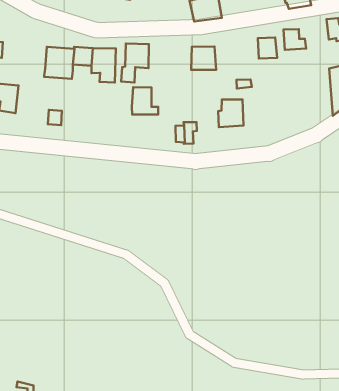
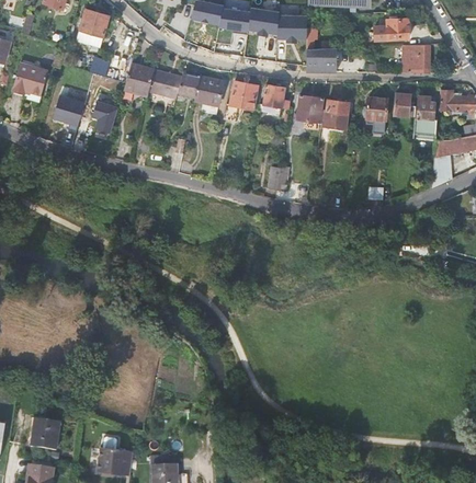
building: none -> [413,94,438,139]
building: none -> [123,62,155,99]
building: [132,87,158,115] -> [262,83,290,115]
building: [218,99,244,127] -> [321,97,350,127]

